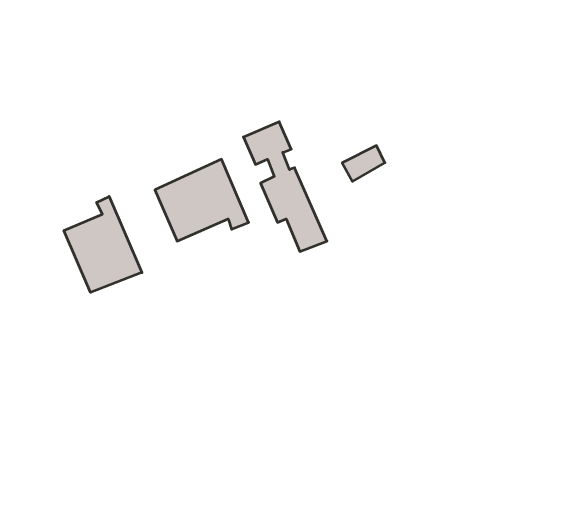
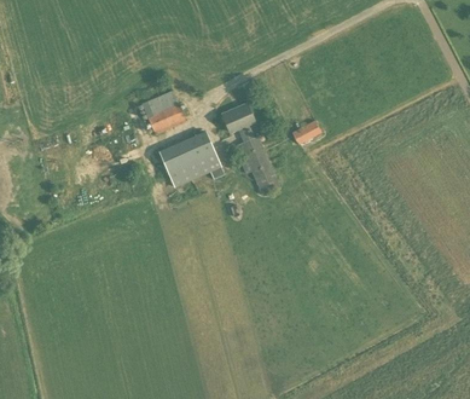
building: none -> [141,89,185,133]
building: [64,196,142,292] -> none

